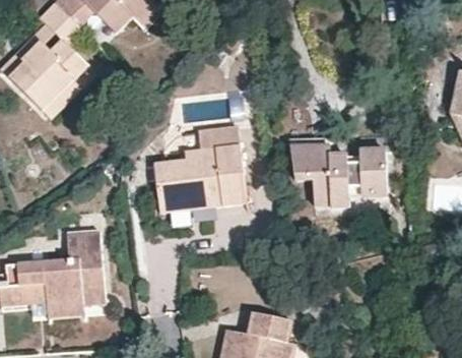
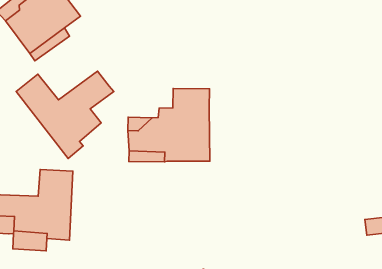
building: none -> [16,71,114,158]
building: [308,144,391,205] -> none

